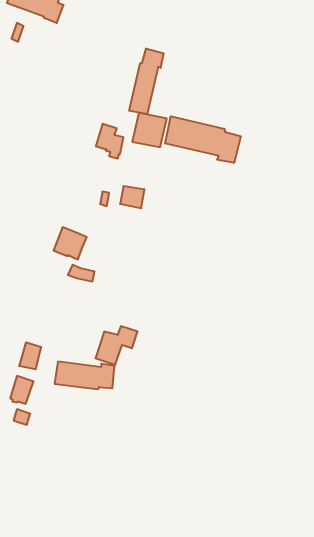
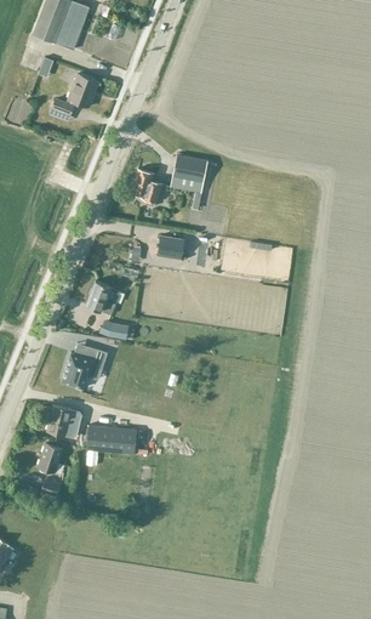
building: none -> [48,72,99,121]
building: [129,48,164,114] -> none
building: [165,116,241,163] -> none
building: [95,326,138,365] -> [61,346,107,388]

